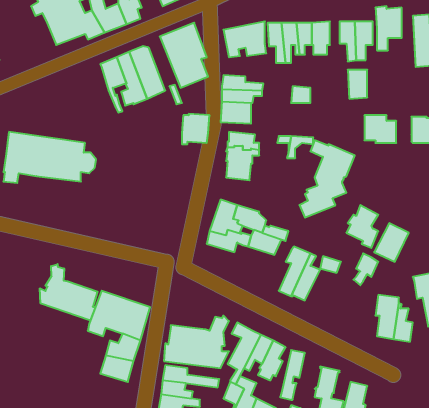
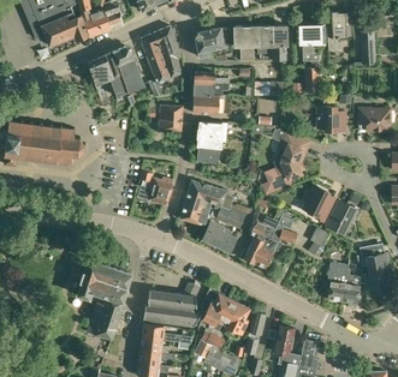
building: none -> [138,170,173,205]
building: none -> [202,220,239,252]
building: [40,264,98,320] -> none

